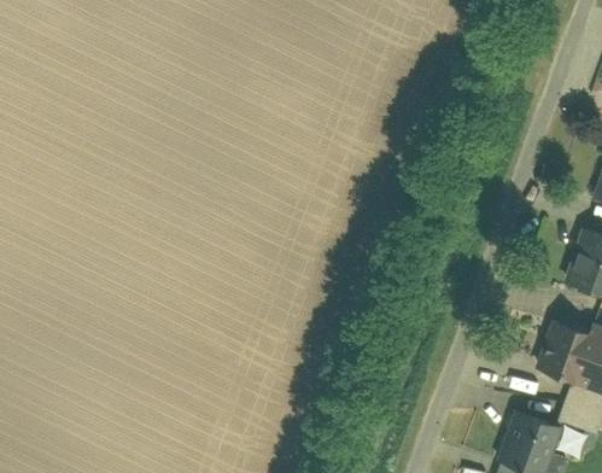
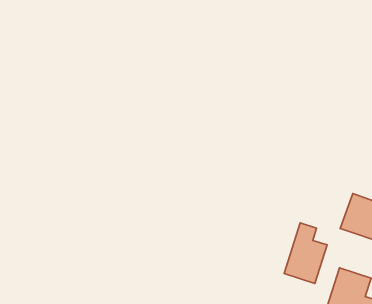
building: none -> [284,223,327,283]

